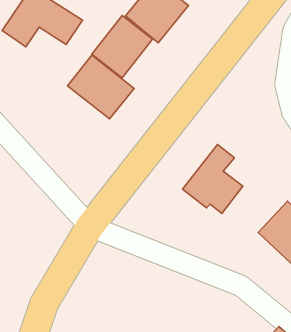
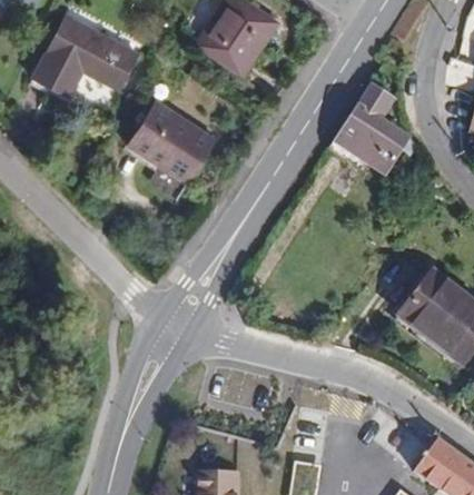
building: [92,15,153,78] -> none
building: [182,145,243,214] -> [328,83,408,175]

